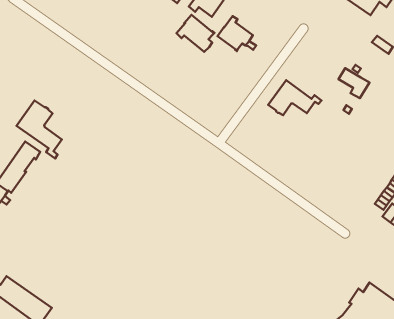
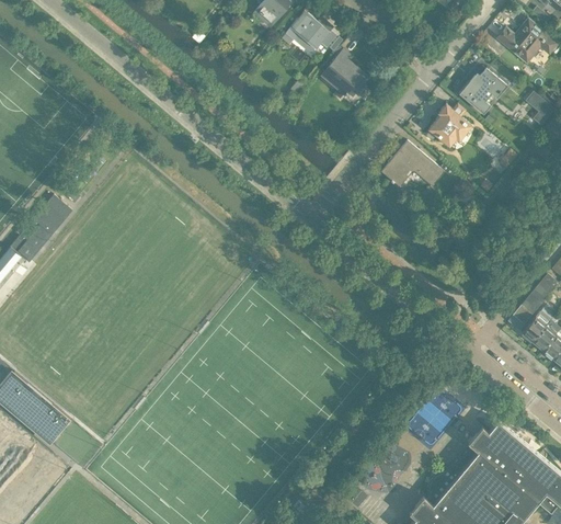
building: [176,15,215,52] -> none
building: none -> [459,70,504,113]
building: none -> [427,106,473,147]
building: [17,100,62,158] -> none

